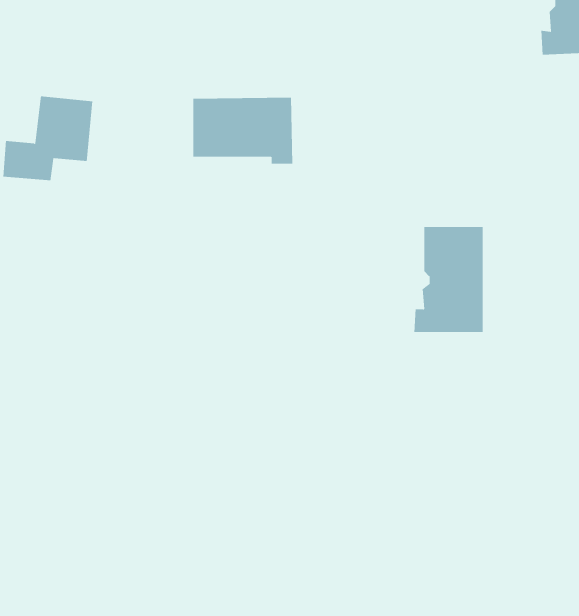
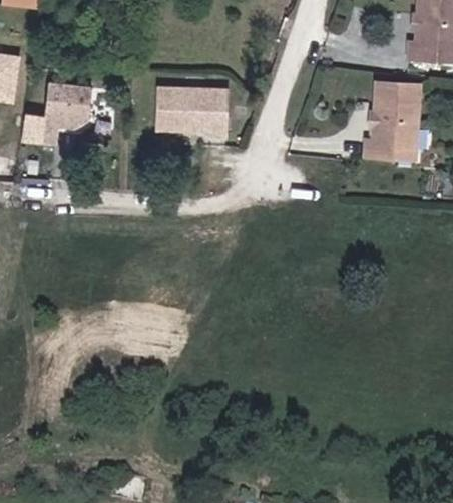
building: [414,226,483,333] -> [370,81,420,157]

